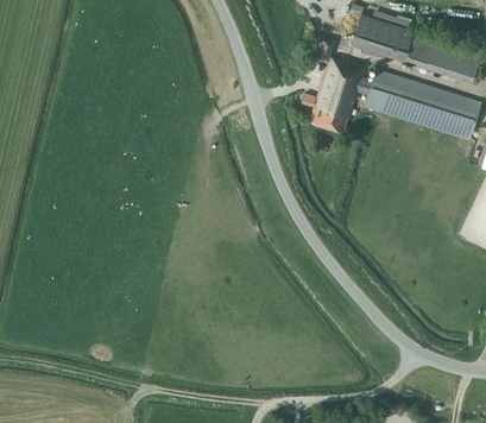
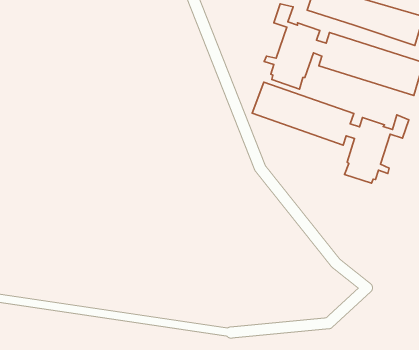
building: none -> [252,82,409,183]

